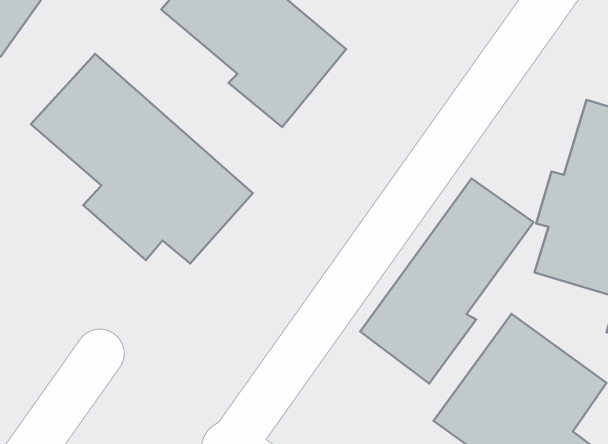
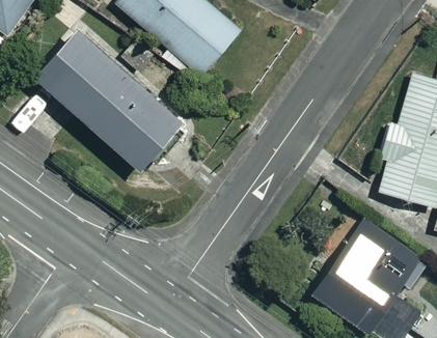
building: [360,178,533,383] -> none

